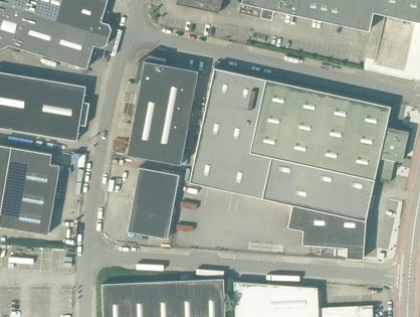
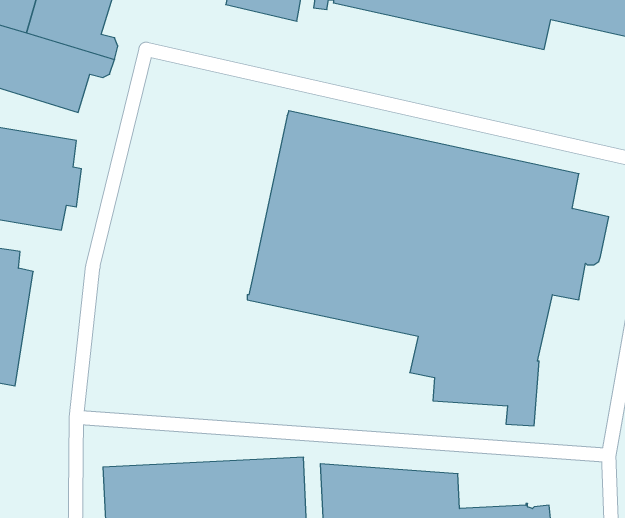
building: [127,54,198,164] -> none
building: [127,167,179,239] -> none

